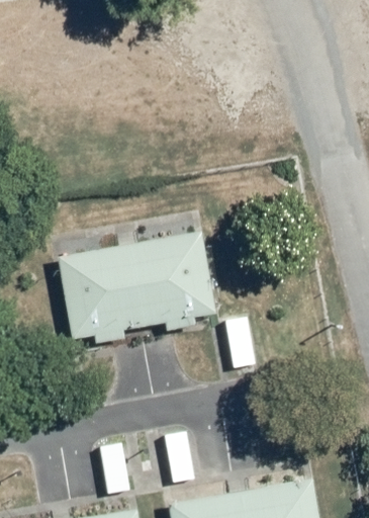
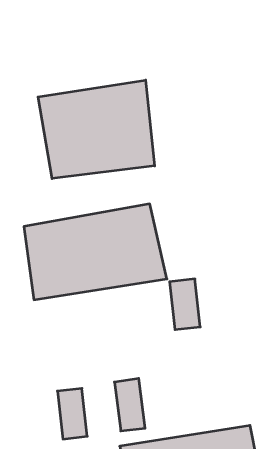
building: none -> [38,80,155,179]

